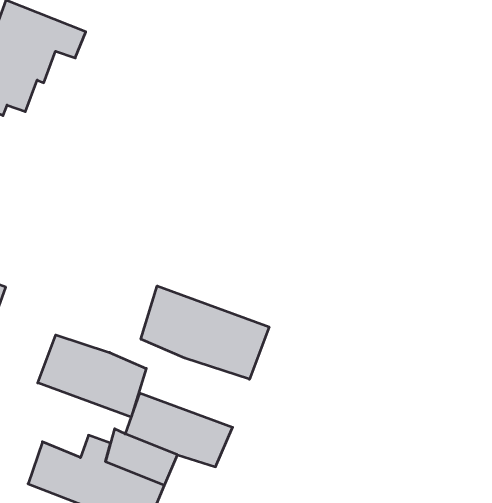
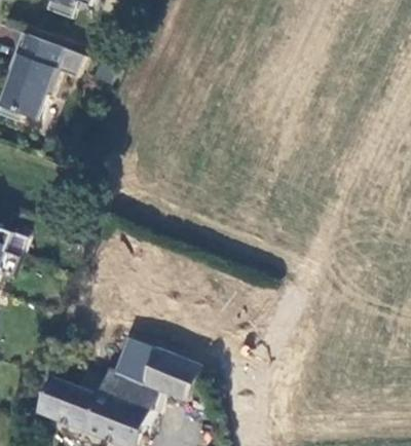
building: [141,286,269,379] -> none
building: [38,335,146,417] -> none

